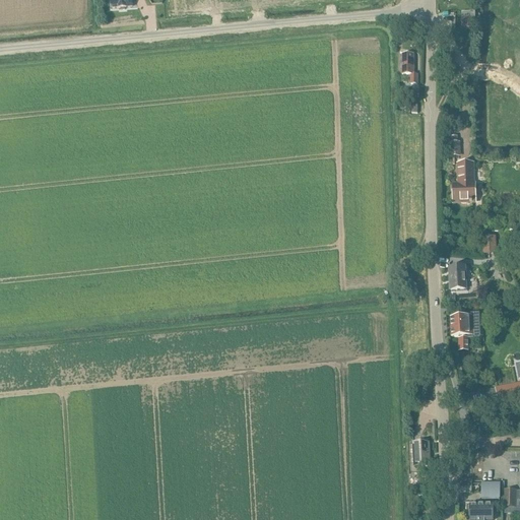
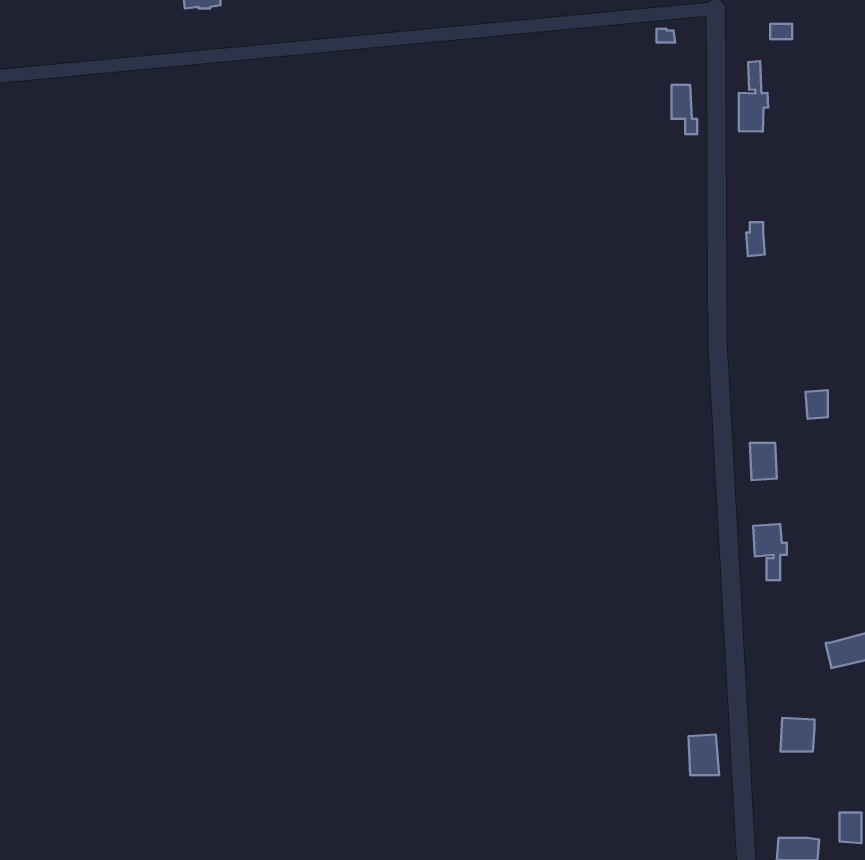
building: none -> [739,61,768,132]
building: [454,160,476,200] -> none
building: [481,479,502,500] -> [781,718,814,752]

